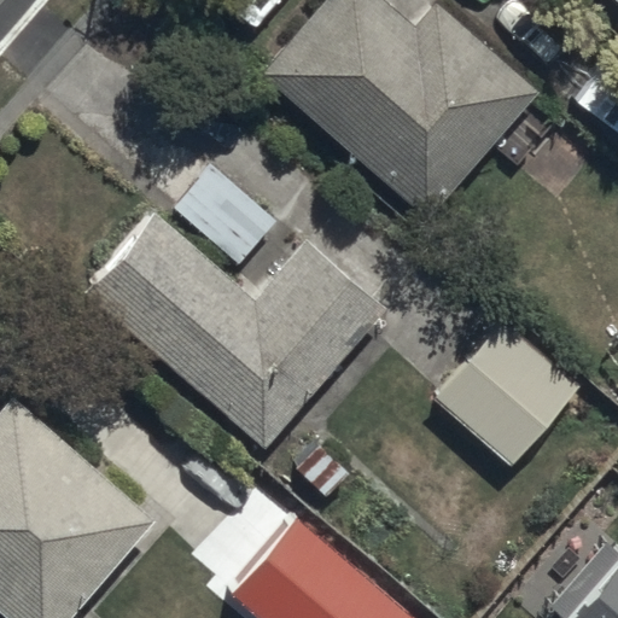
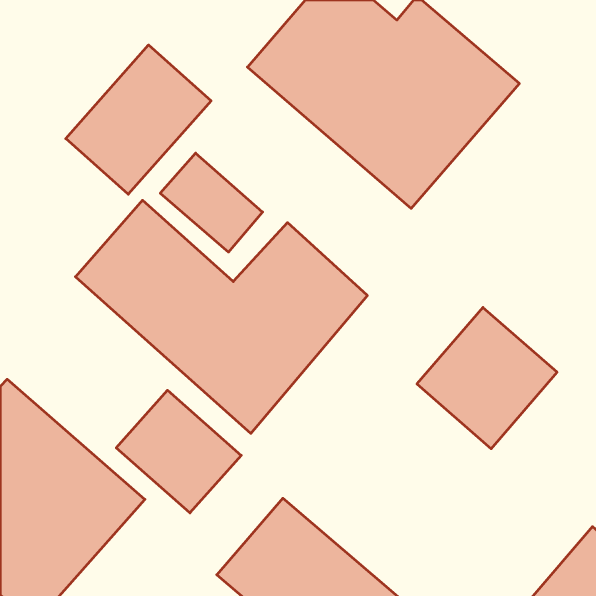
building: none -> [66,45,211,194]
building: none -> [116,390,241,513]

